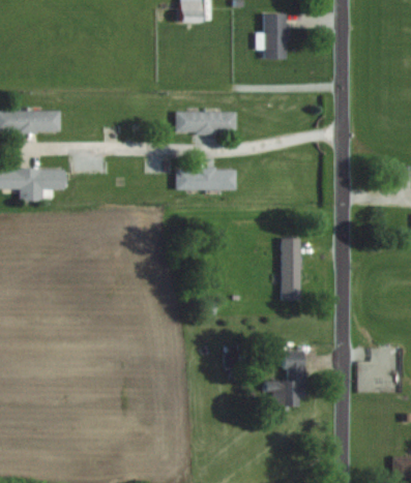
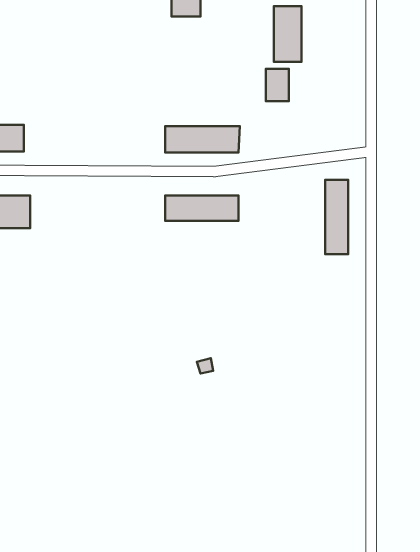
building: none -> [266,69,289,101]
building: [281,239,299,300] -> [325,180,348,254]
building: [265,351,304,410] -> none

